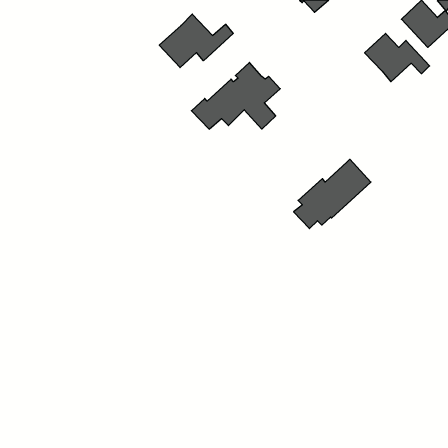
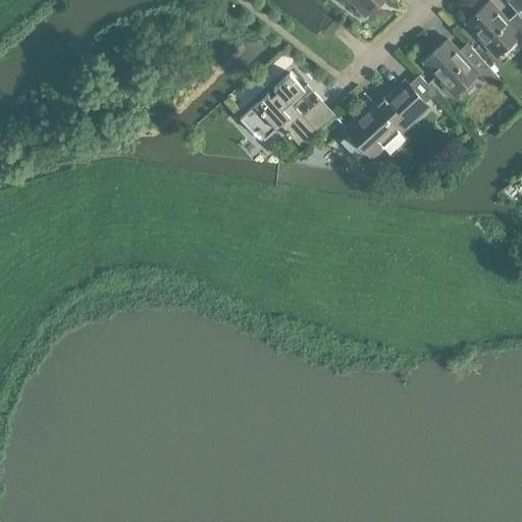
building: [159,14,233,68] -> none
building: [294,159,371,229] -> [341,81,430,161]

